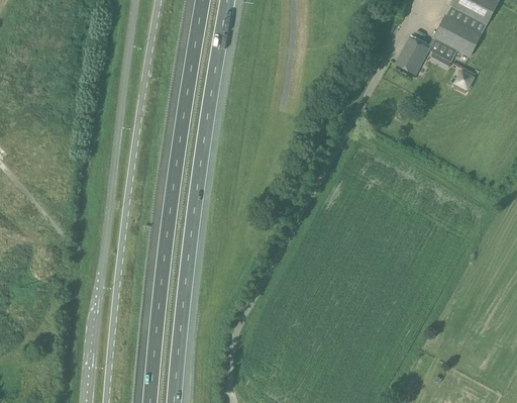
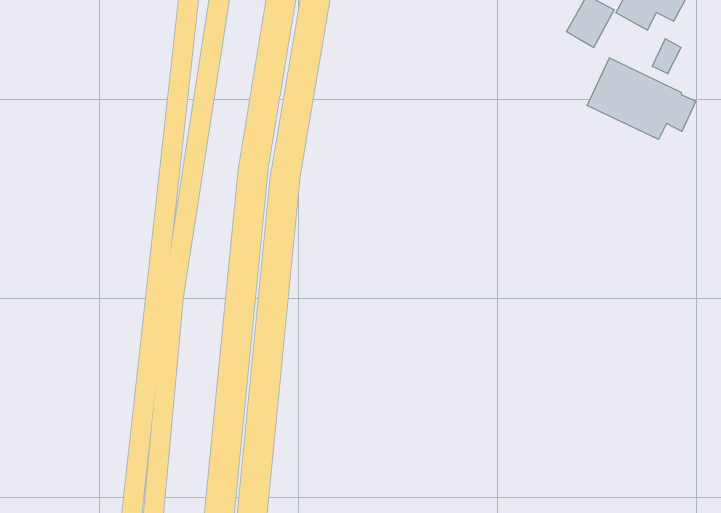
building: none -> [587,58,696,139]

